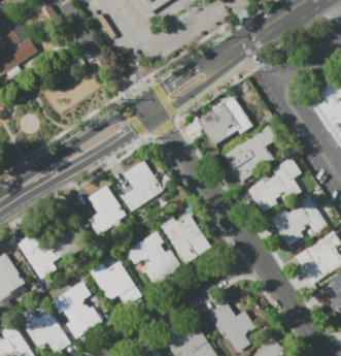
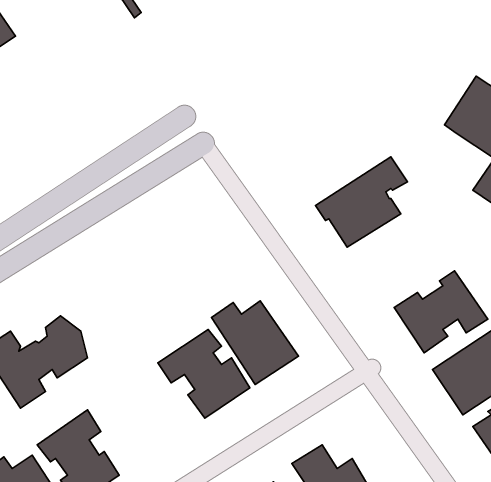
building: [198,96,253,145] -> none
building: [248,157,302,212] -> none
building: [124,160,164,208] -> none
building: [89,185,126,233] -> none
building: [90,261,142,306] -> none

